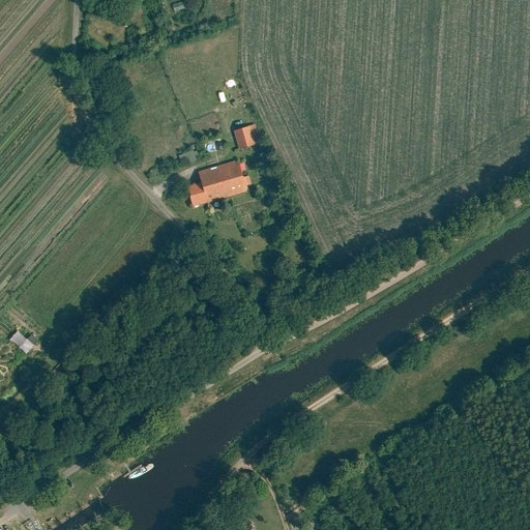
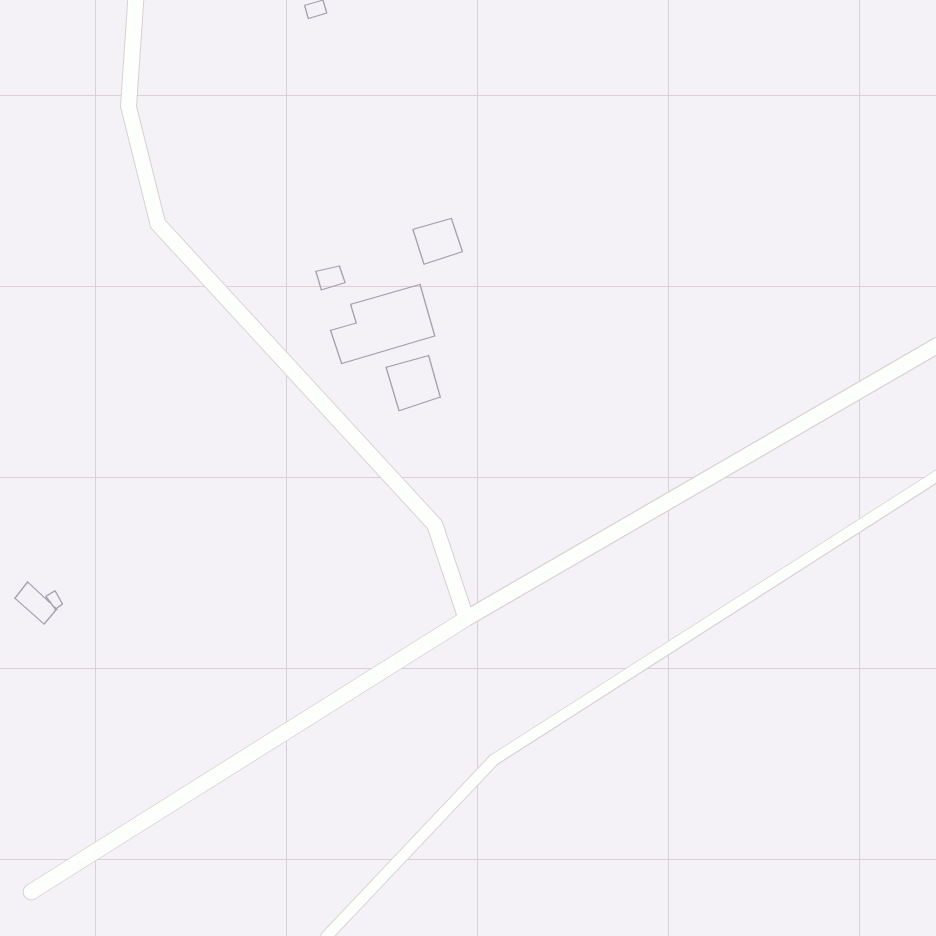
building: none -> [386,355,440,411]

